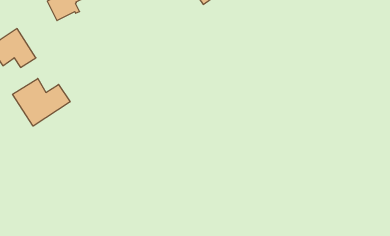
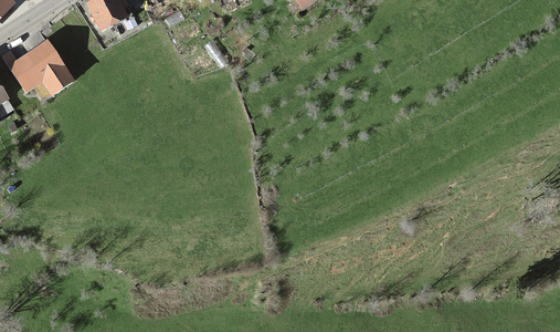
building: [13,78,70,126] -> none

